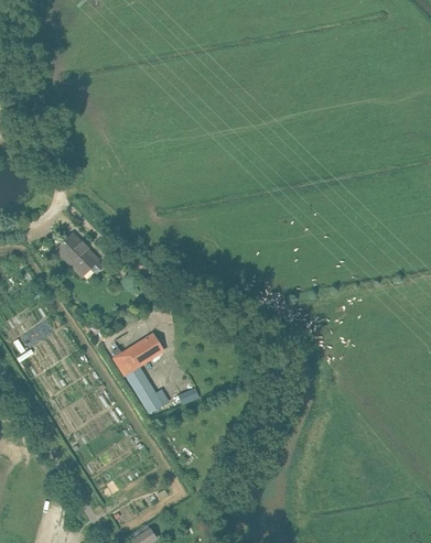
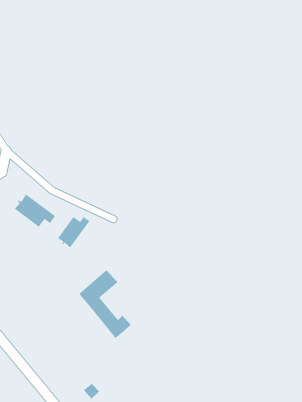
building: none -> [57,216,90,248]

